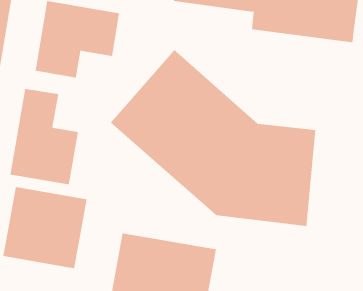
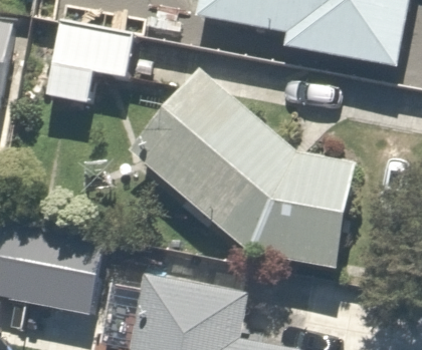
building: [10,88,79,185] -> none

